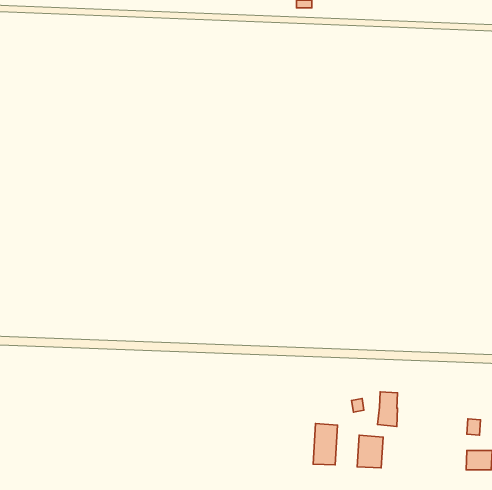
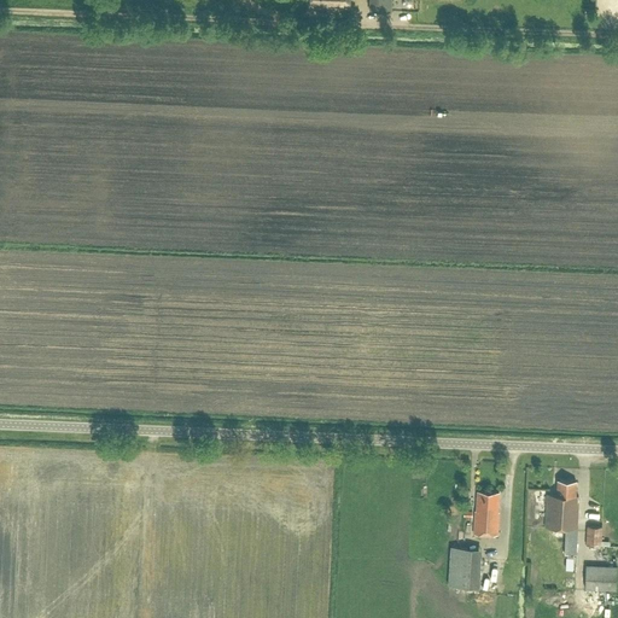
building: none -> [546,482,578,567]
building: [313,423,338,465] -> none

